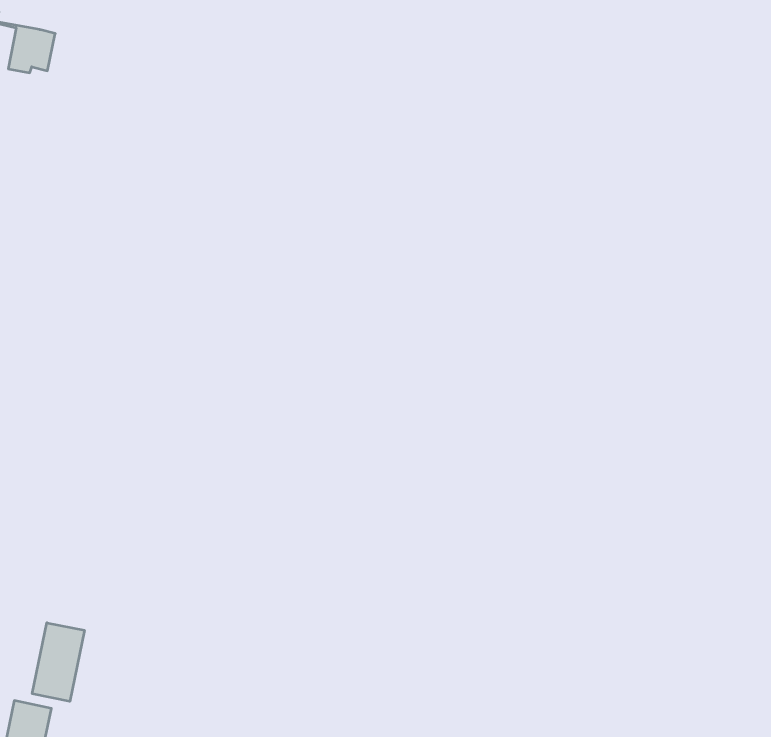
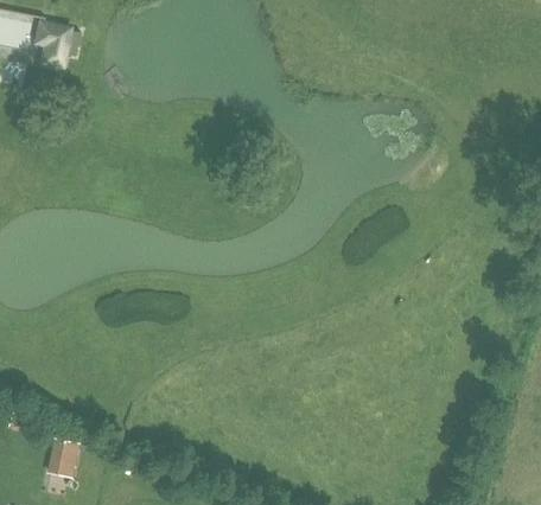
building: [32,623,84,701] -> none

